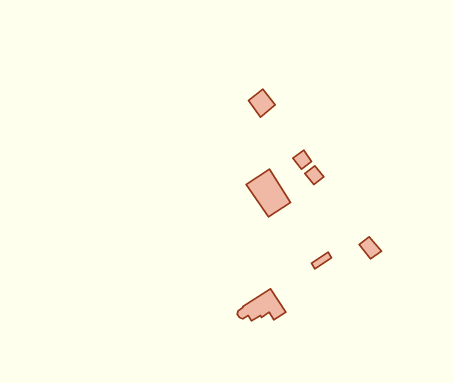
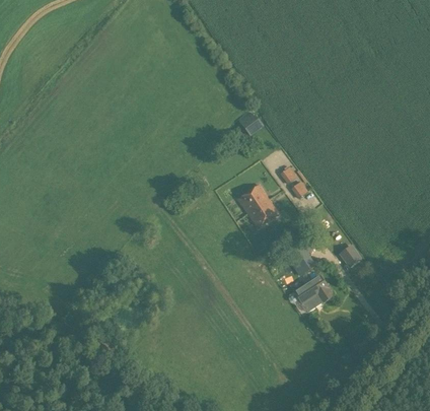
building: [237,289,286,321] -> [289,275,334,304]

